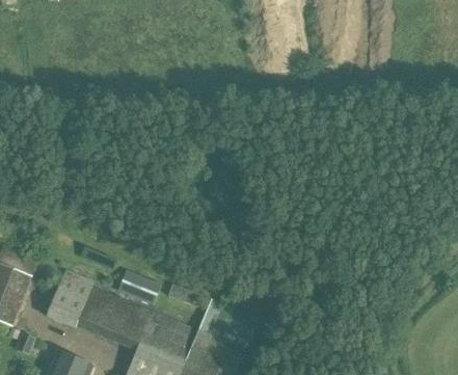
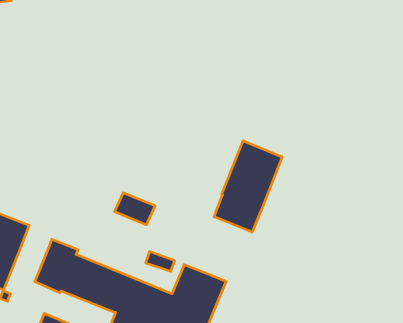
building: none -> [214,141,282,232]
building: [117,268,162,303] -> [115,193,155,225]

